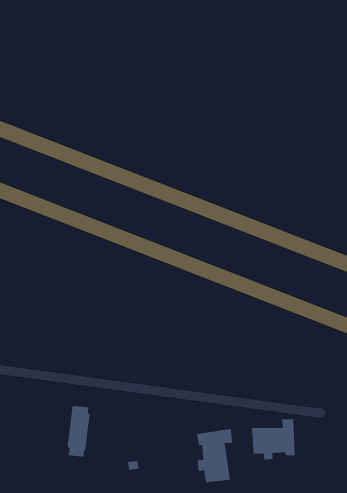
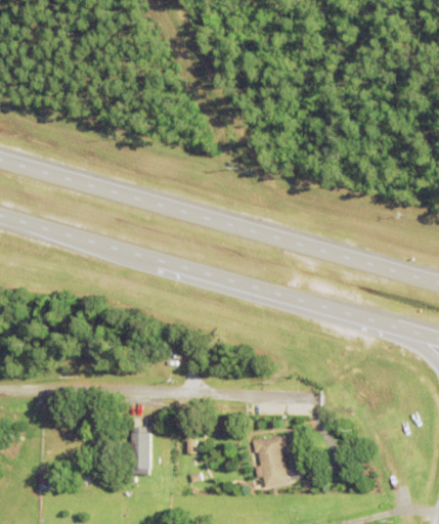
building: [251,418,295,460] -> none

